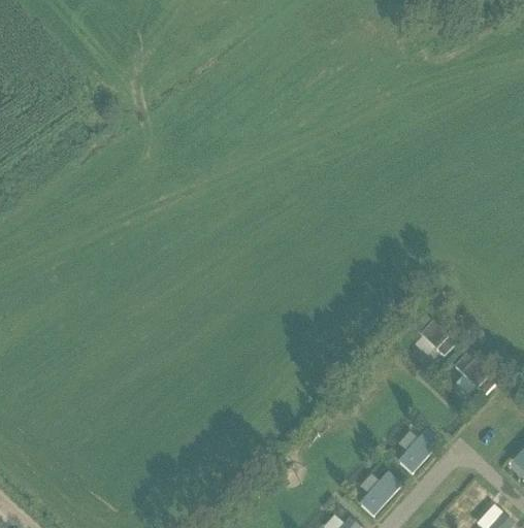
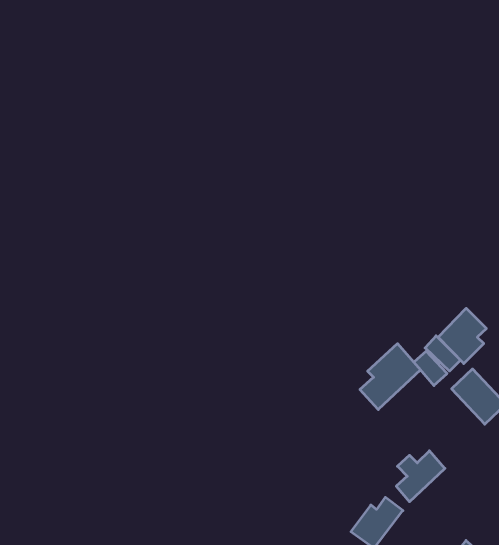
building: none -> [438,308,486,364]
building: none -> [360,344,421,410]

